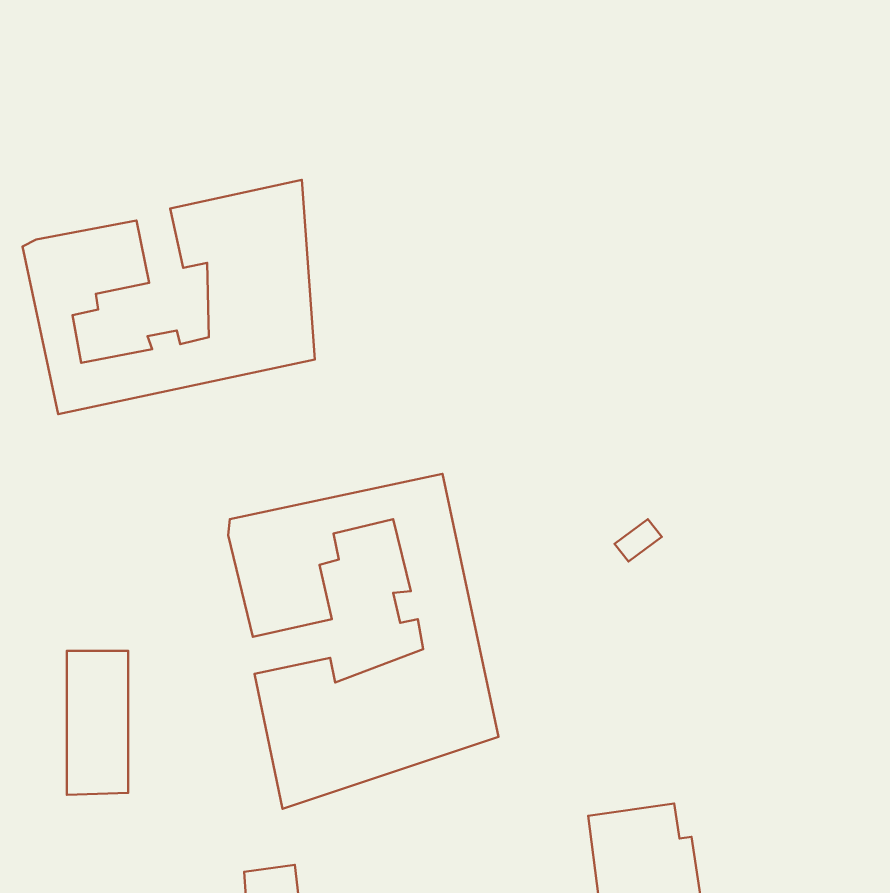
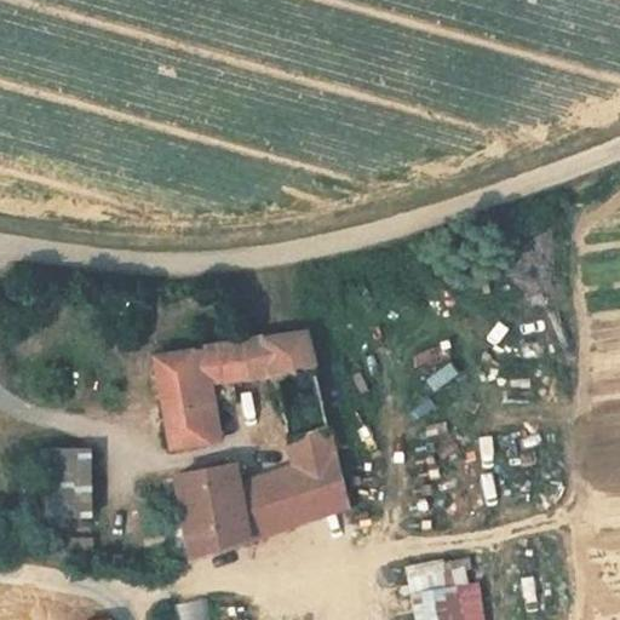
building: [23,180,315,414] -> none

